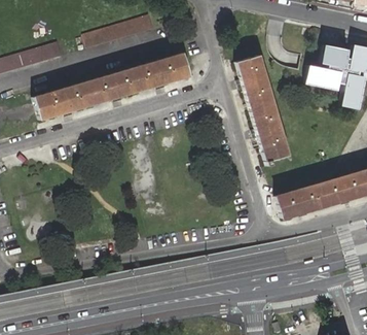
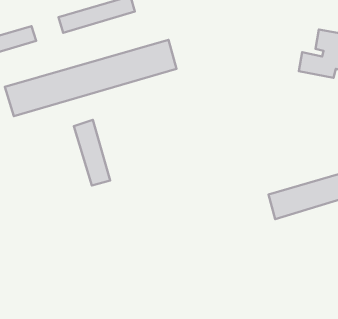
building: [233,57,287,167] -> none
building: none -> [74,120,110,186]

